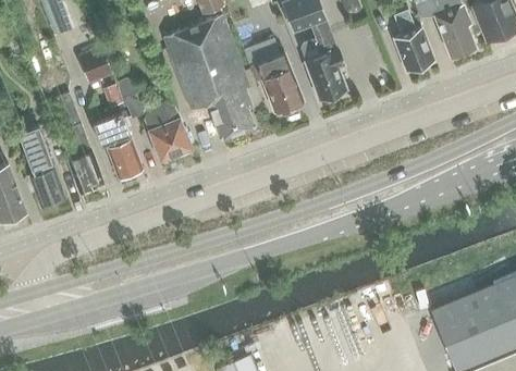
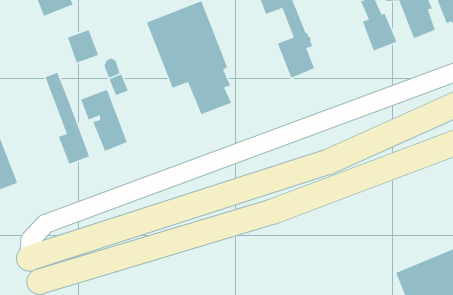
building: [245,41,305,112] -> none
building: [144,103,192,163] -> none
building: [22,128,65,209] -> none

